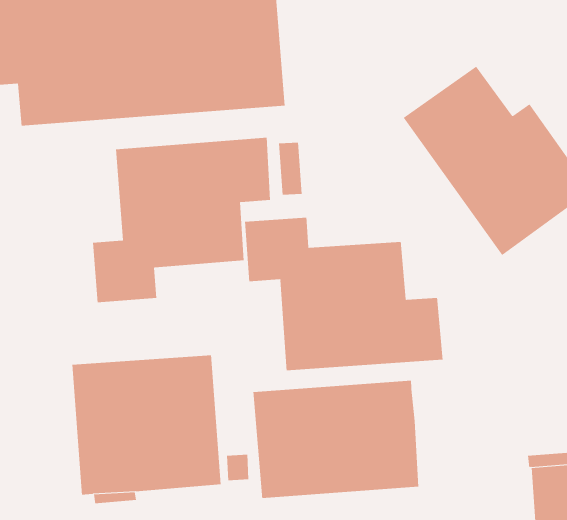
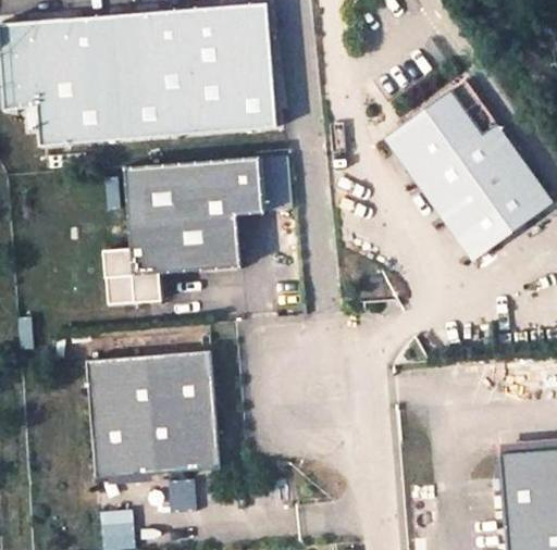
building: [245,217,443,371] -> none
building: [253,380,419,499] -> none

